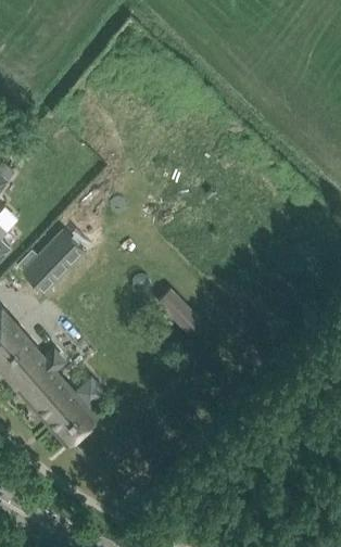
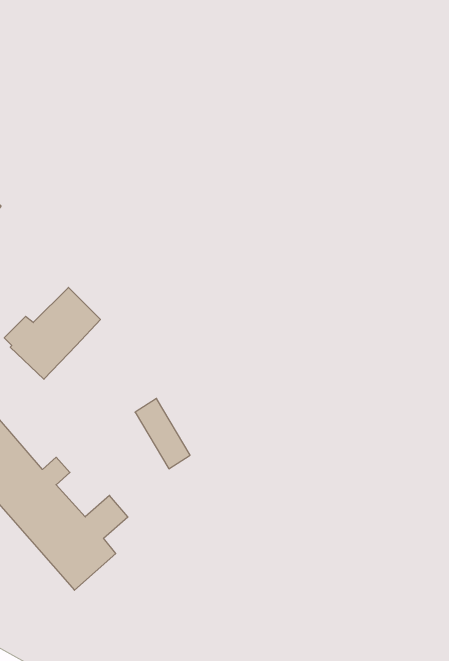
building: [160,285,199,335] -> [135,398,190,469]

